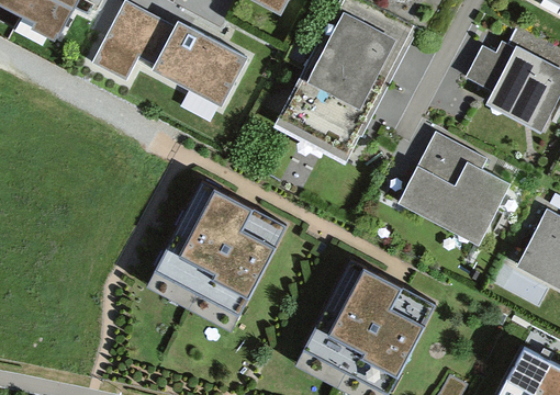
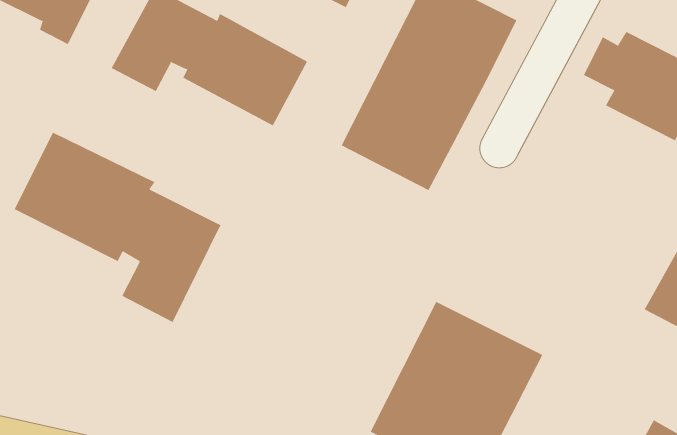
building: none -> [14,132,221,323]
building: [400,127,511,238] -> none
building: [152,173,289,320] -> none

